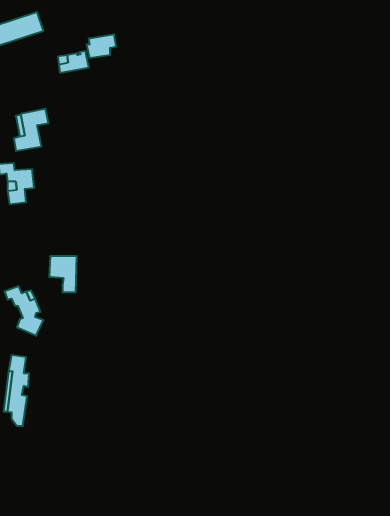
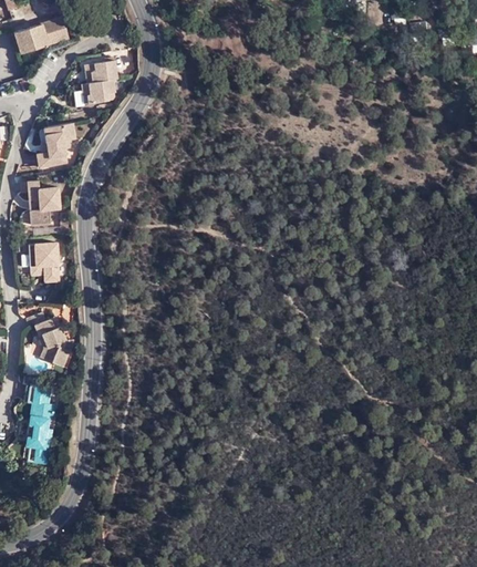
building: [86,34,116,58] -> [82,80,114,105]
building: [49,256,77,292] -> [31,244,61,282]

